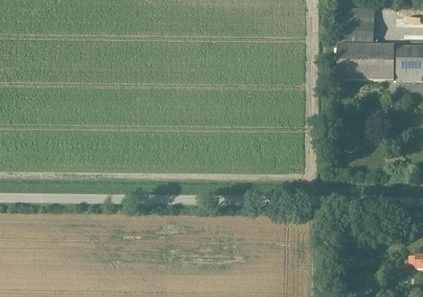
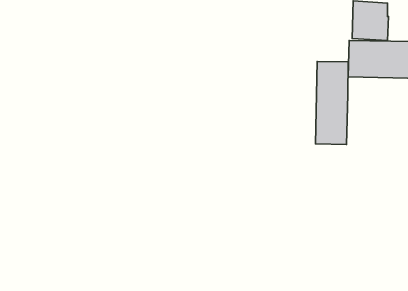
building: none -> [315,62,348,144]

